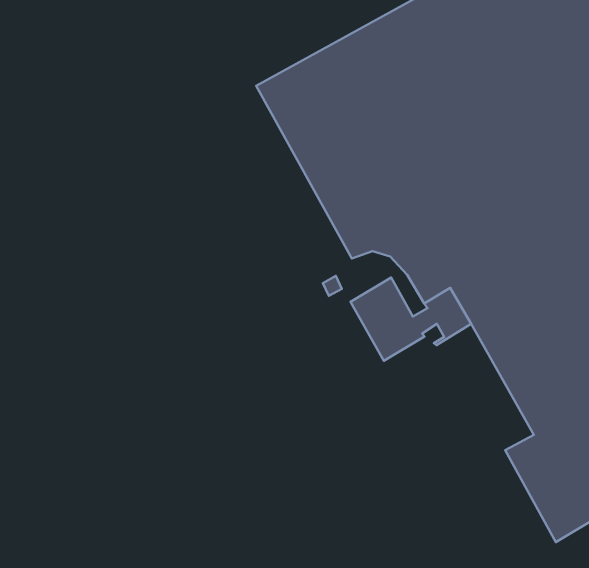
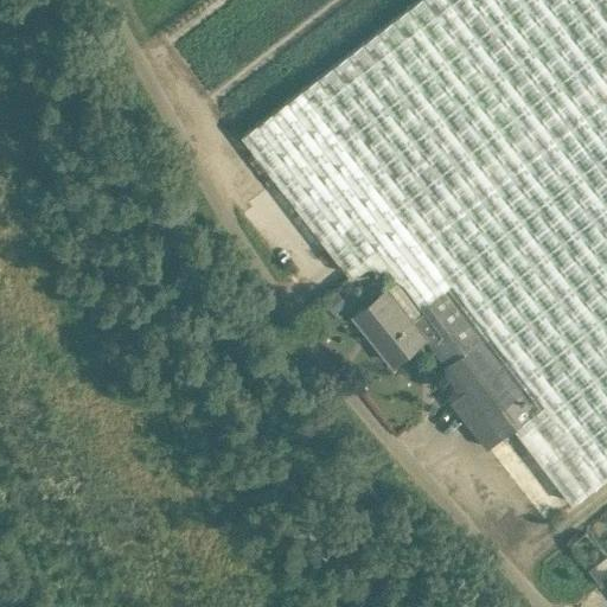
building: none -> [439,321,538,449]

